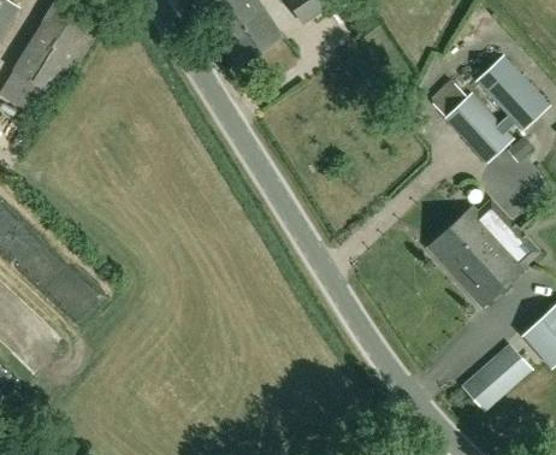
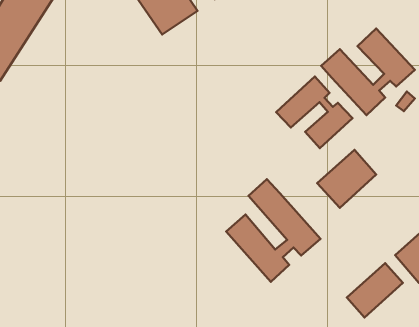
building: none -> [276,77,353,148]
building: [455,234,527,305] -> none
building: none -> [226,179,320,282]

